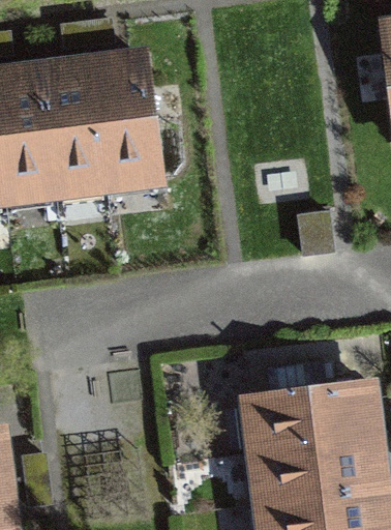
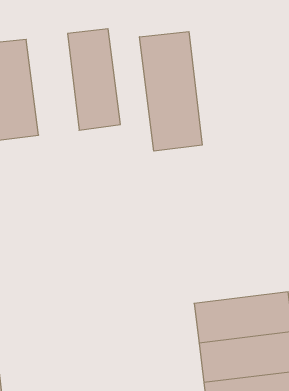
building: none -> [140,32,202,151]
building: [41,62,108,189] -> none

